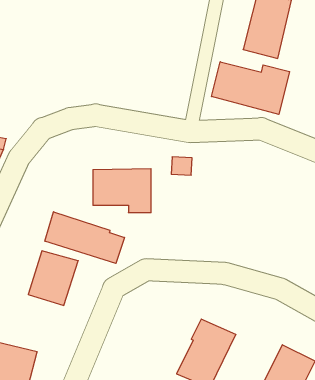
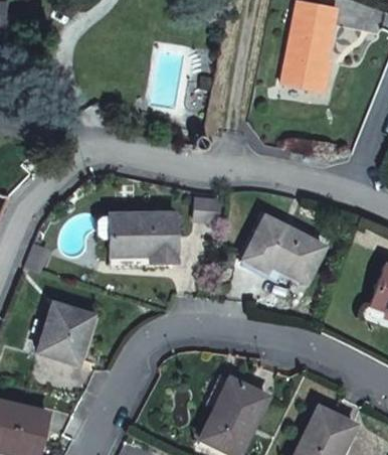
building: [212,62,290,114] -> none
building: none -> [244,214,325,281]
building: [45,212,124,263] -> none

